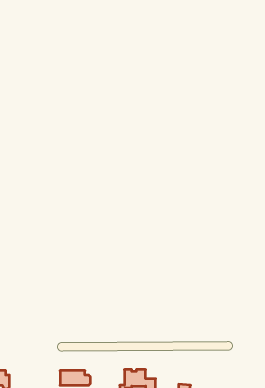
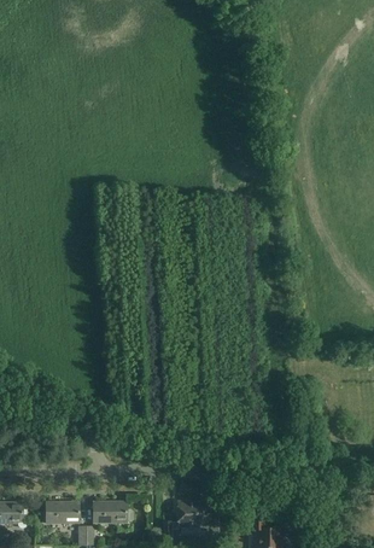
building: none -> [43,502,76,520]

